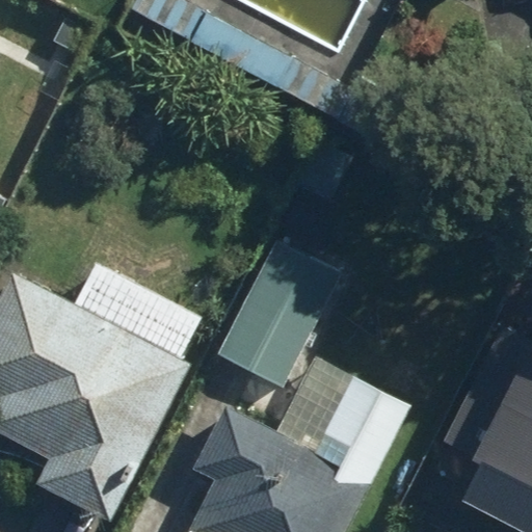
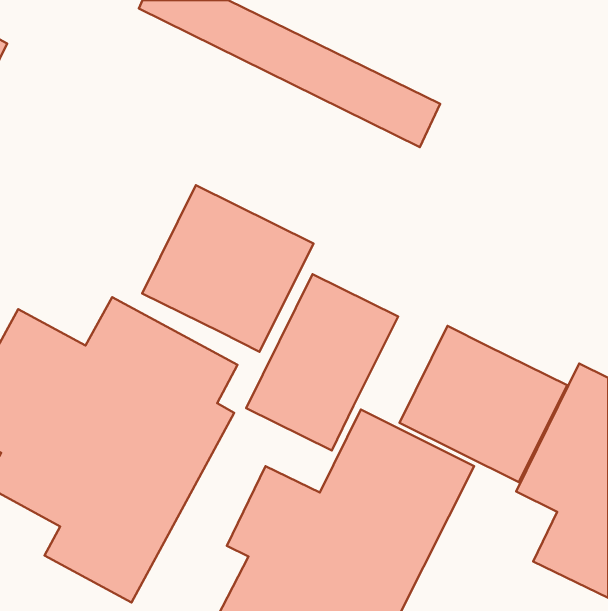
building: none -> [142,185,313,352]
building: none -> [399,326,567,482]

